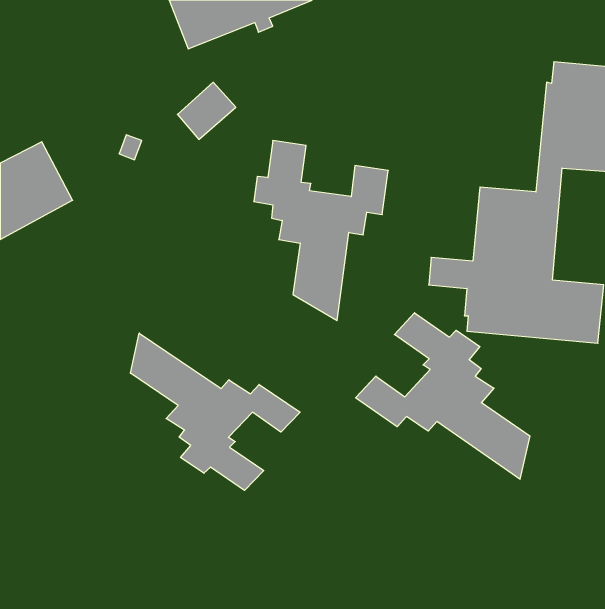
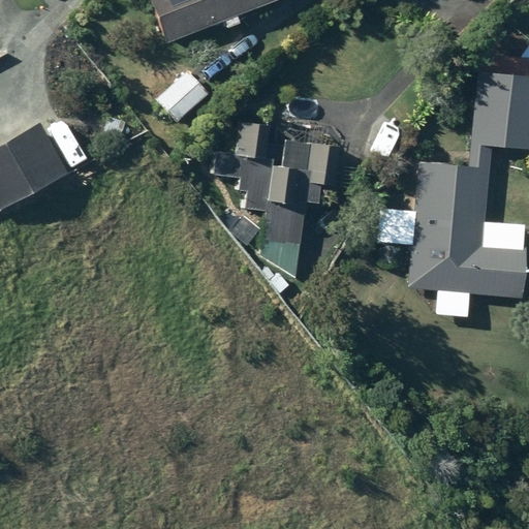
building: [356,313,530,479] -> none
building: [130,333,300,490] -> none

